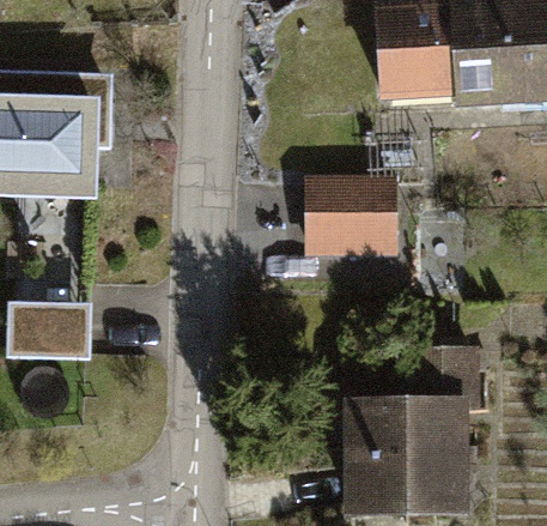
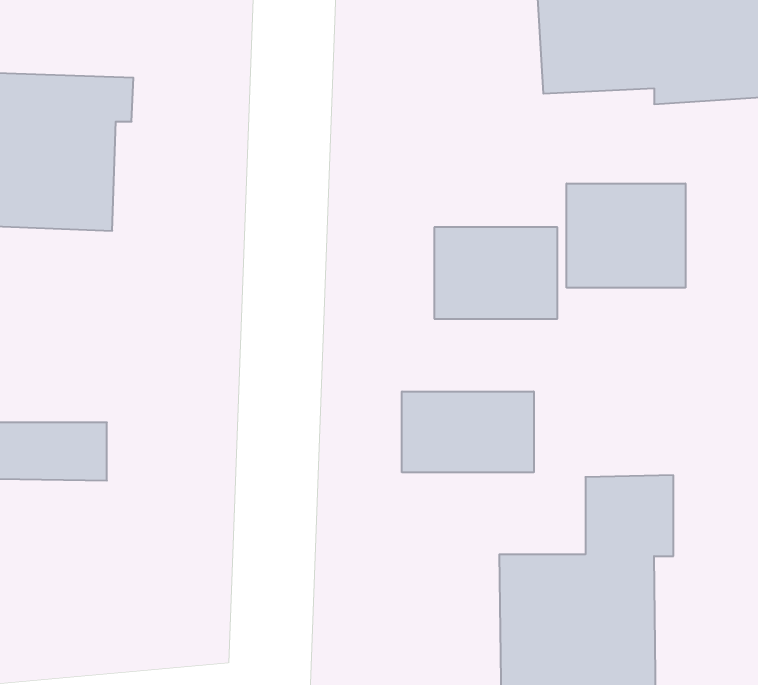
building: none -> [567,183,685,288]
building: none -> [402,391,534,472]

